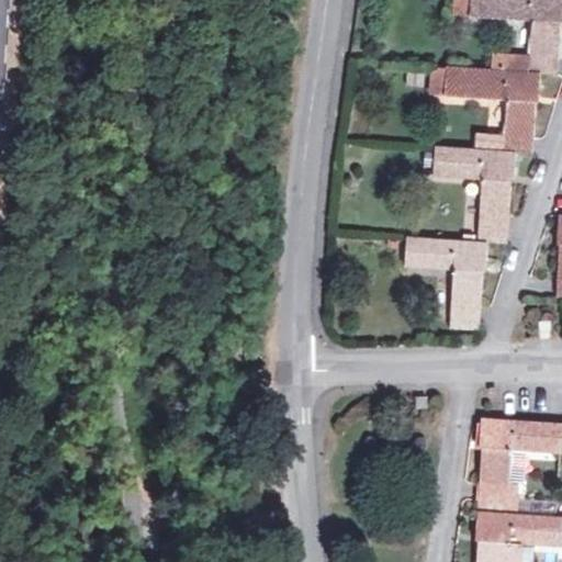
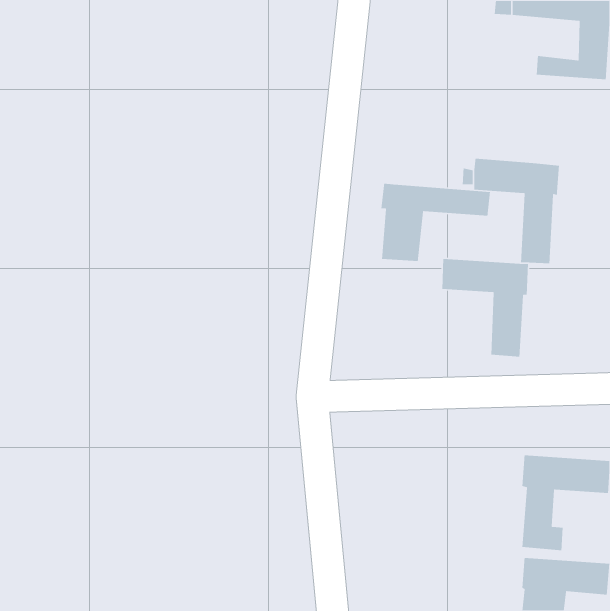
building: [447,66,539,153] -> none
building: none -> [381,183,491,262]

